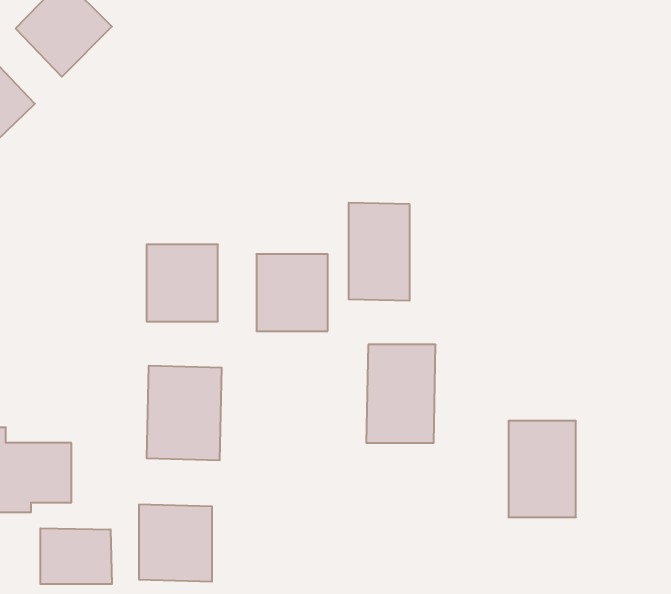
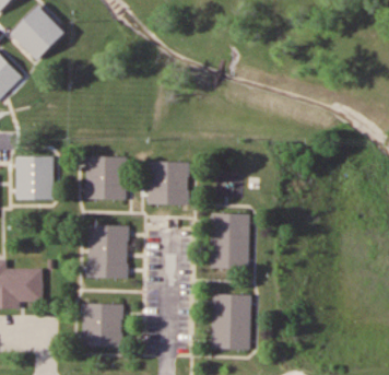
building: [349,203,409,301] -> none
building: none -> [15,155,52,199]
building: [508,421,576,517] -> [212,294,250,349]
building: [40,528,112,584] -> none

